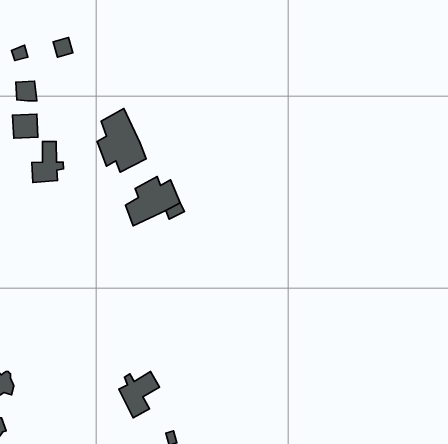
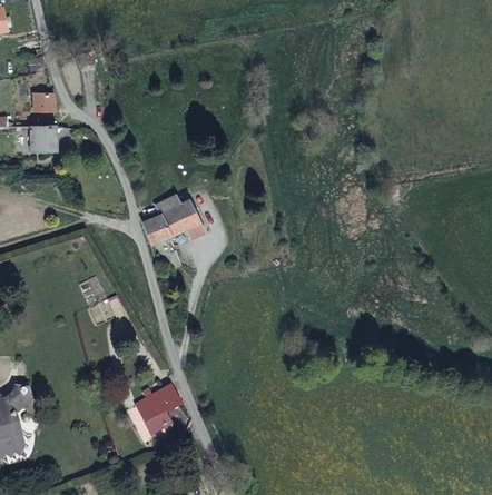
building: [97,108,146,172] -> none
building: [32,141,63,183] -> none

